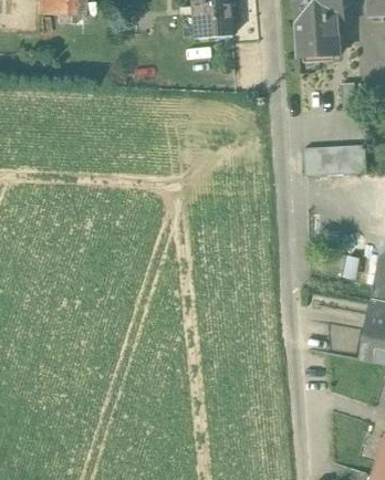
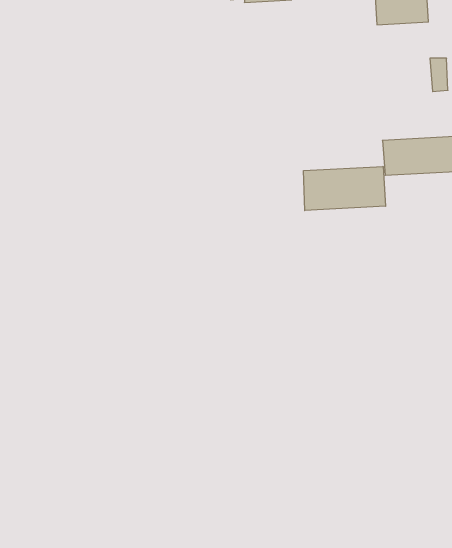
building: none -> [304,166,386,211]

